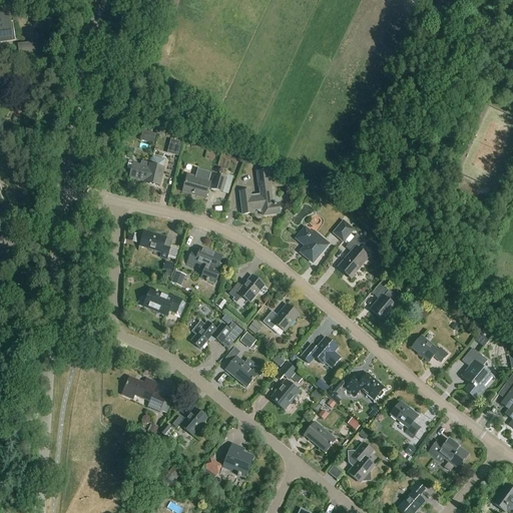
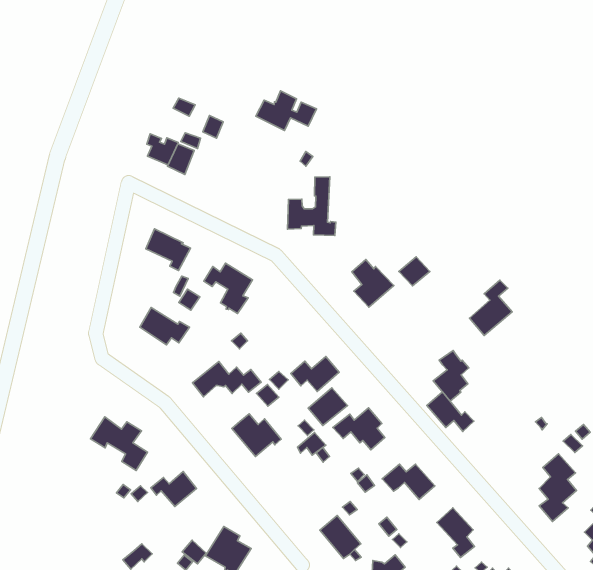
building: [182,168,226,197] -> [256,91,316,130]
building: [338,234,369,278] -> [469,280,512,335]
building: [229,275,264,302] -> none
building: [411,335,448,362] -> [427,392,474,432]
building: [271,380,300,409] -> [308,388,348,425]

